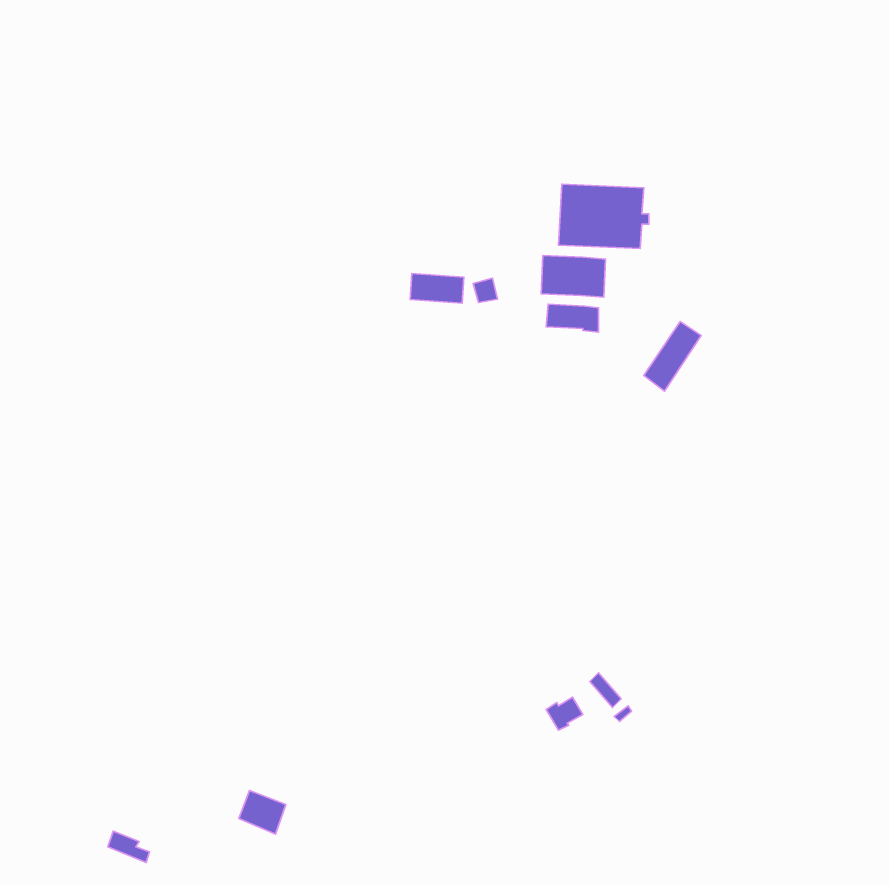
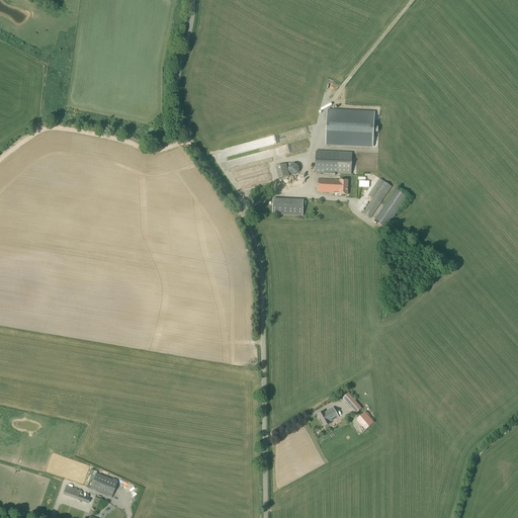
building: [410,274,464,303] -> [272,197,304,214]
building: none -> [362,177,392,217]
building: [239,791,286,834] -> [90,471,117,497]

